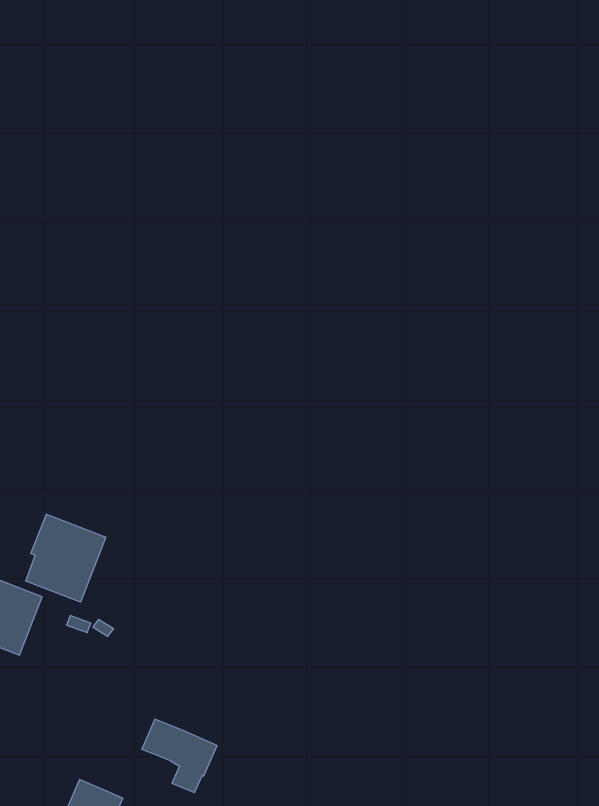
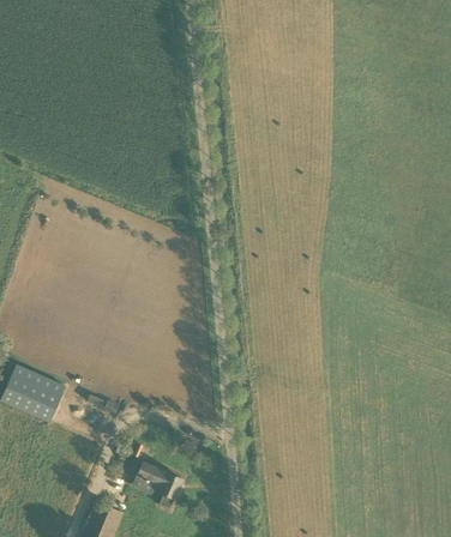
building: [26,514,106,602] -> none

